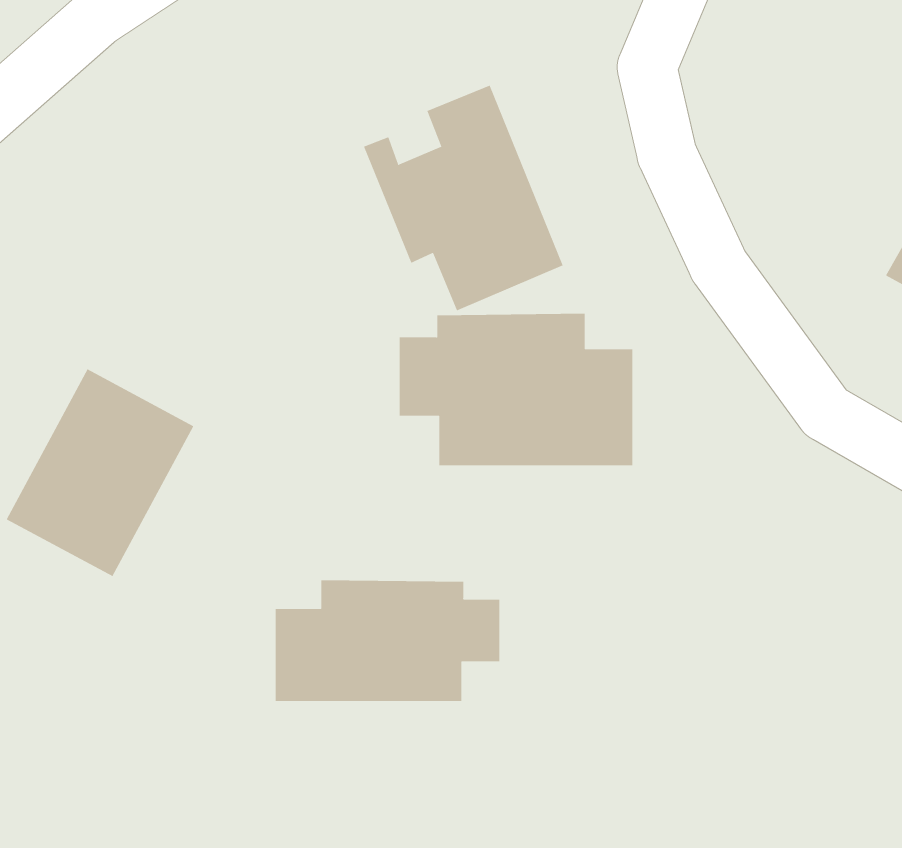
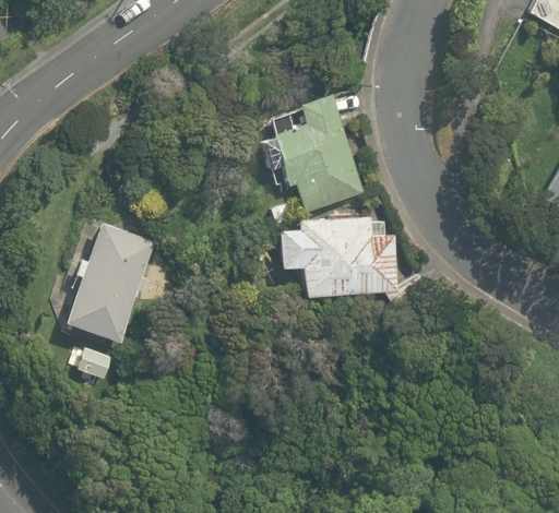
building: [275,580,500,702] -> none

